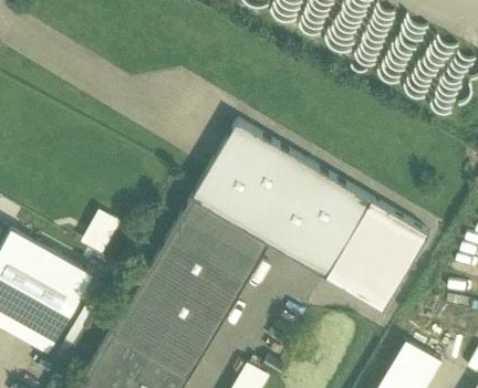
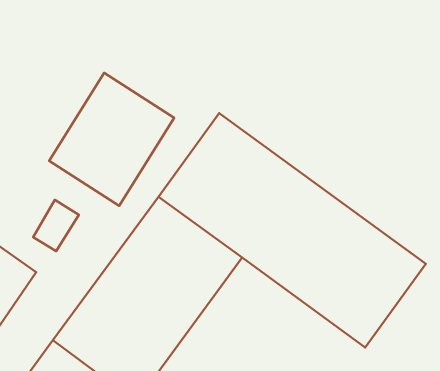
building: none -> [49,73,174,206]

